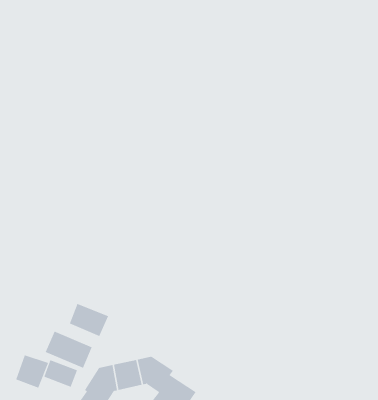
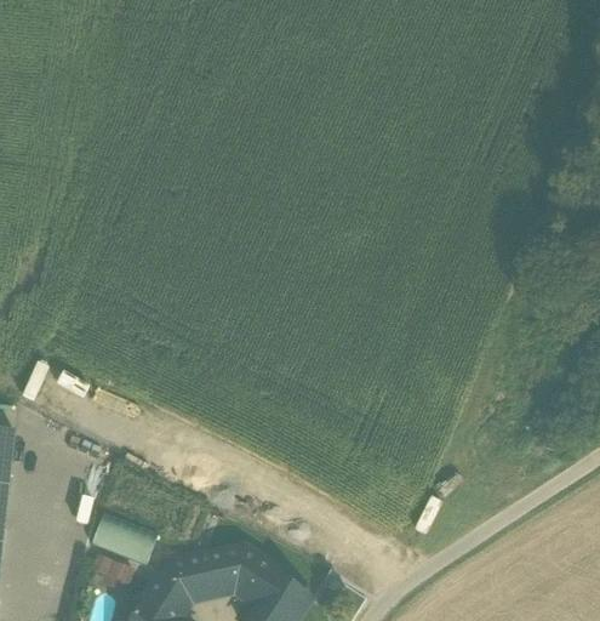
building: [69,303,109,337] -> none
building: [15,355,49,389] -> none

